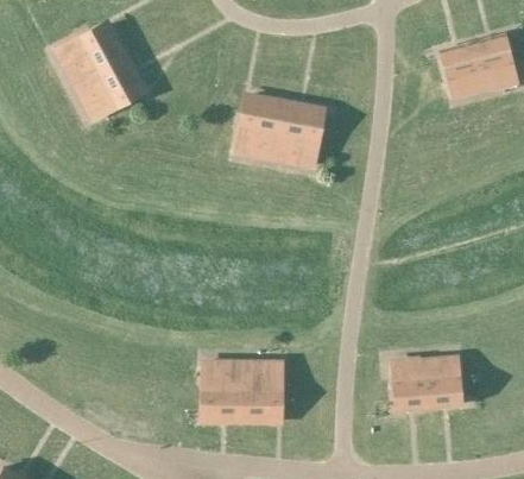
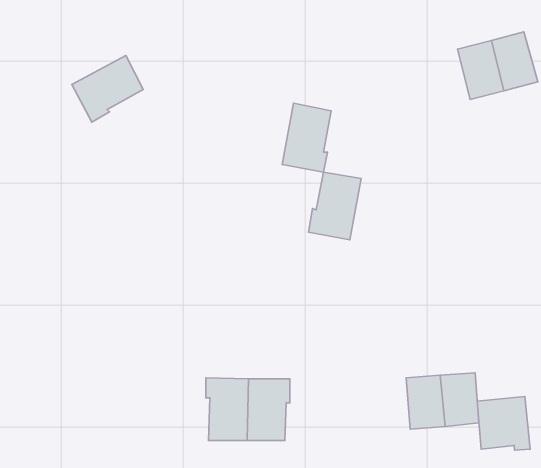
building: [57,25,127,84] -> none
building: [236,96,286,160] -> [309,172,361,240]
building: none -> [477,396,530,450]

